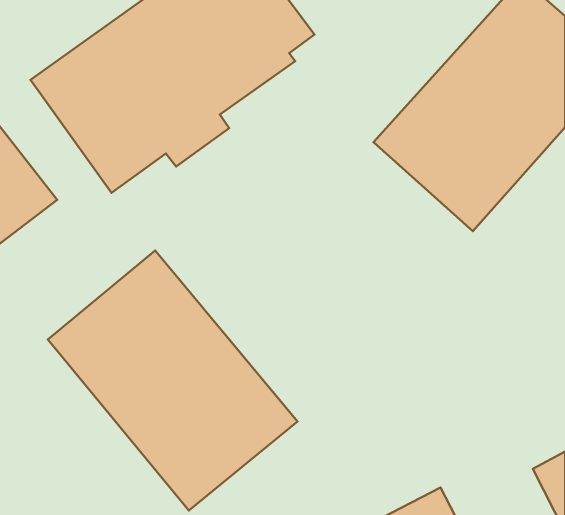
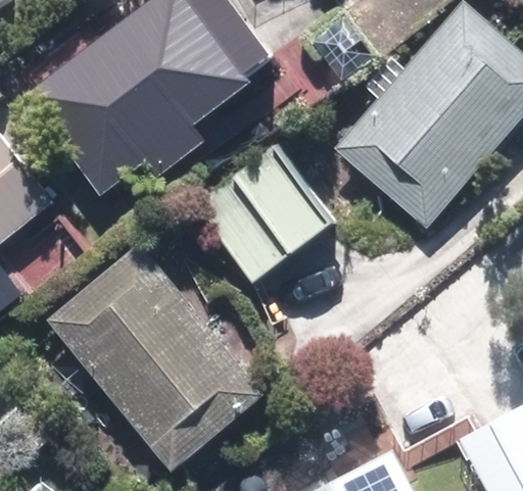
building: none -> [198,143,337,280]

